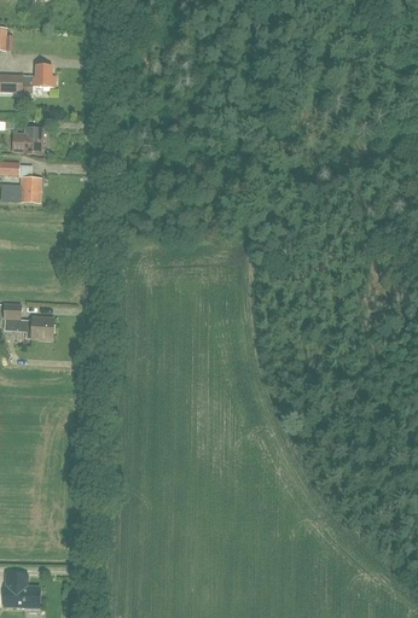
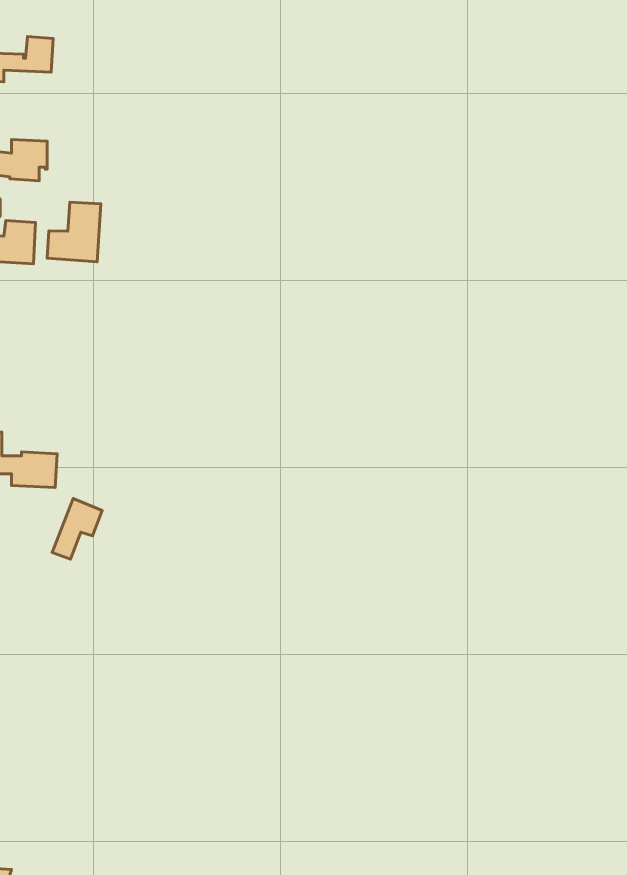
building: none -> [47,202,101,262]
building: none -> [52,499,102,559]

